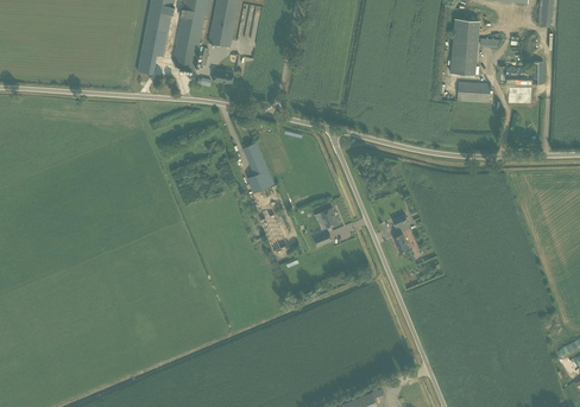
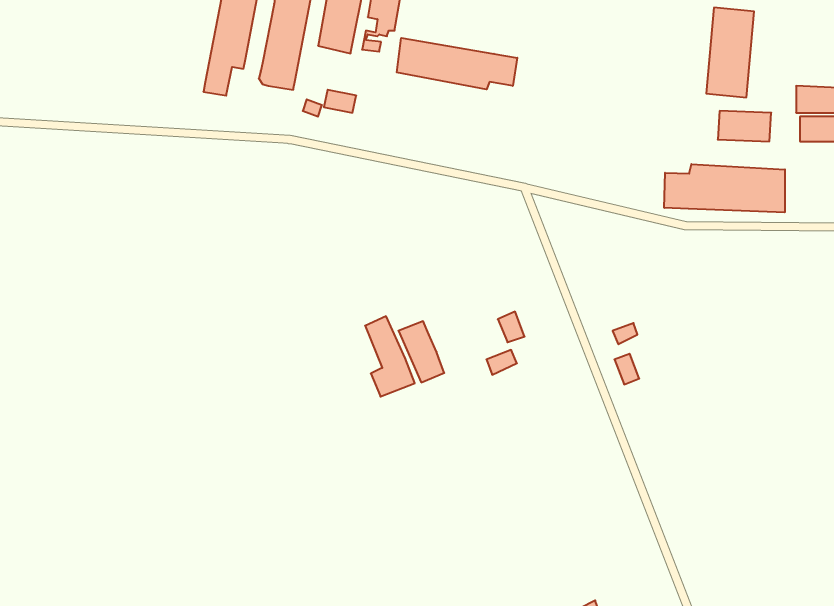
building: none -> [397,38,517,89]
building: none -> [664,164,785,212]
building: [244,141,275,191] -> [365,316,415,397]

